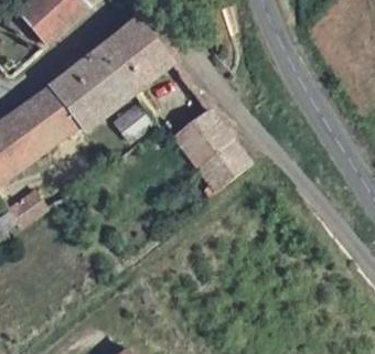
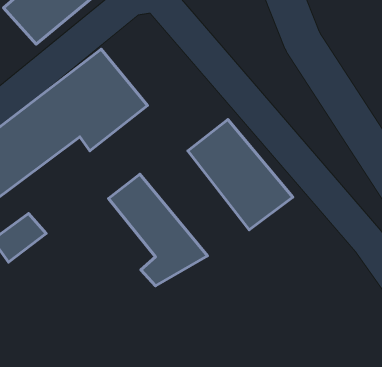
building: [97,17,180,97] -> none
building: none -> [109,174,208,286]

